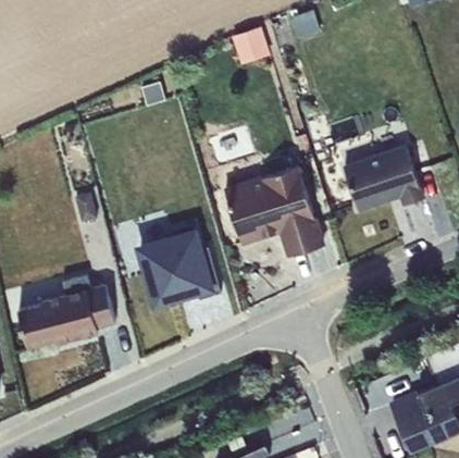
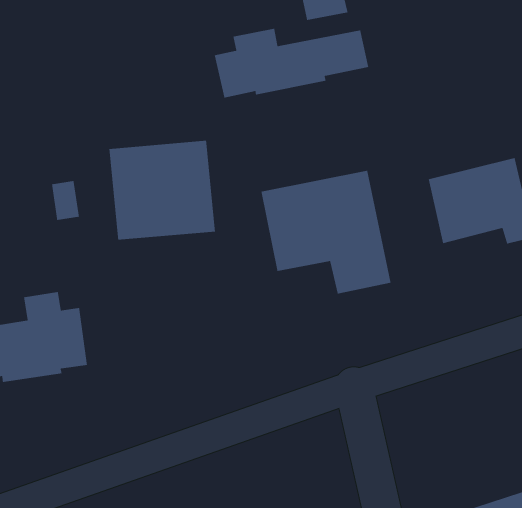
building: none -> [214,28,369,99]
building: [140,228,223,307] -> [108,140,216,241]

